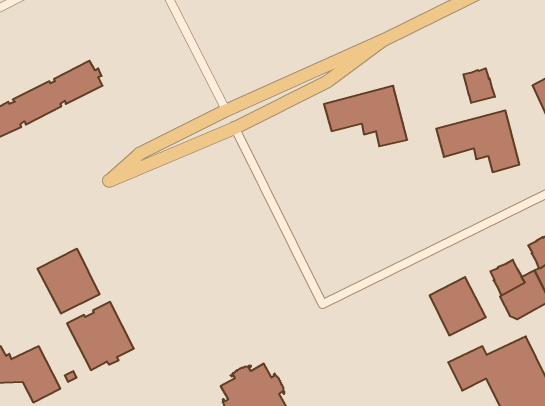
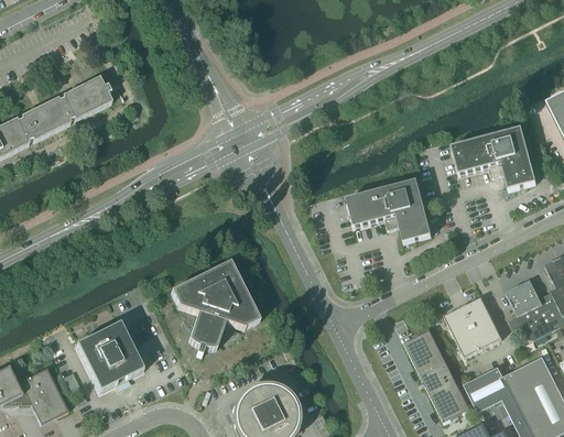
building: [463,68,495,103] -> none
building: [324,86,407,146] -> [346,178,431,240]
building: none -> [170,260,259,353]
building: [37,249,100,314] -> none
building: none -> [403,328,469,420]

